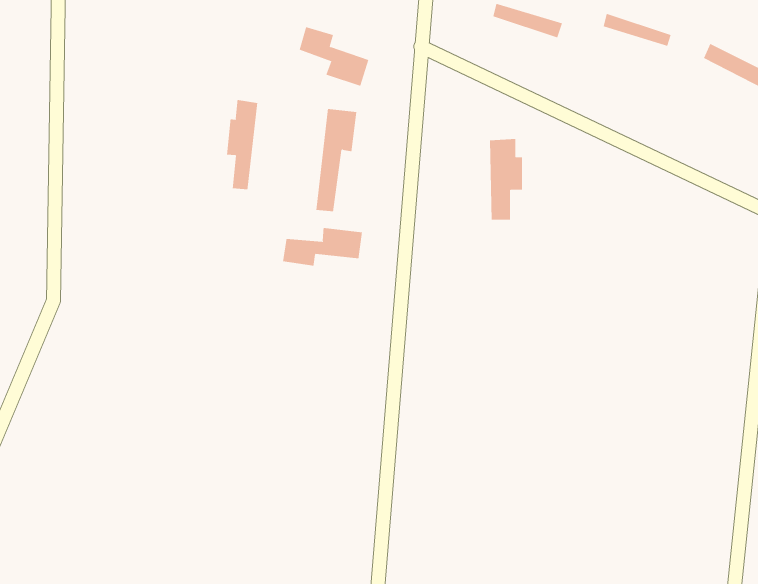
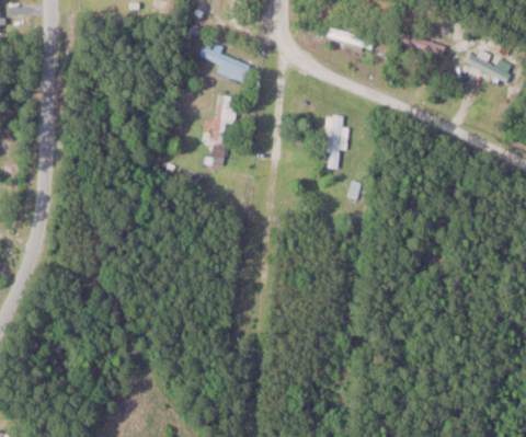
building: [226,99,258,190] -> none
building: [282,227,363,266] -> none

